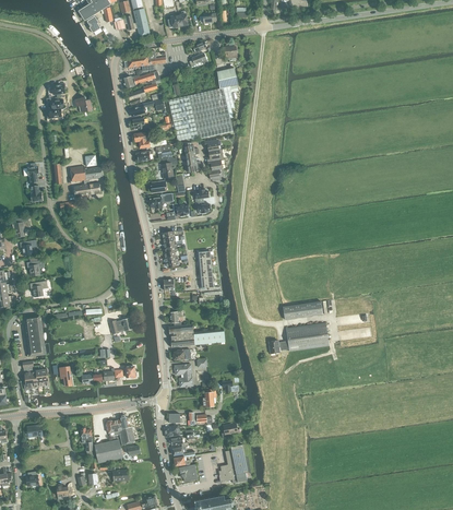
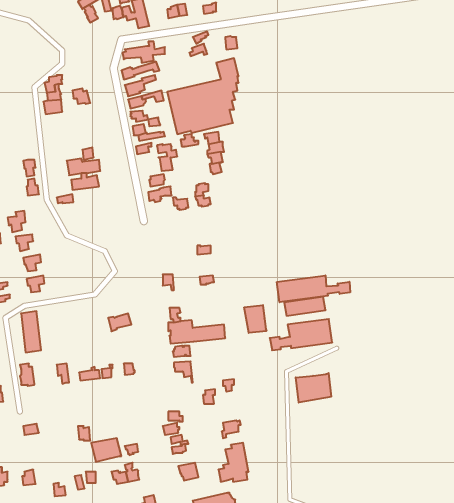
building: none -> [277,275,350,302]
building: none -> [244,305,266,333]
building: none -> [296,373,331,403]
building: [106,414,134,443] -> none

